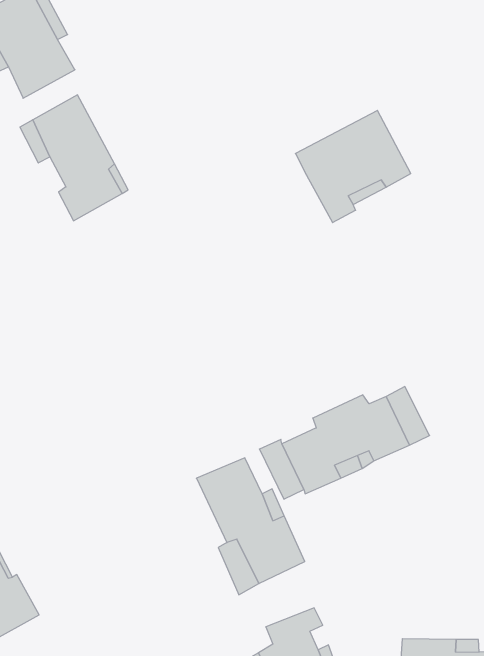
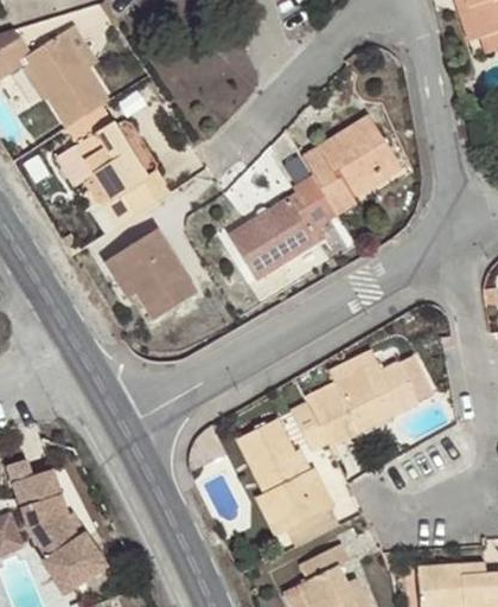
building: none -> [231,174,338,276]
building: none -> [103,228,197,319]

